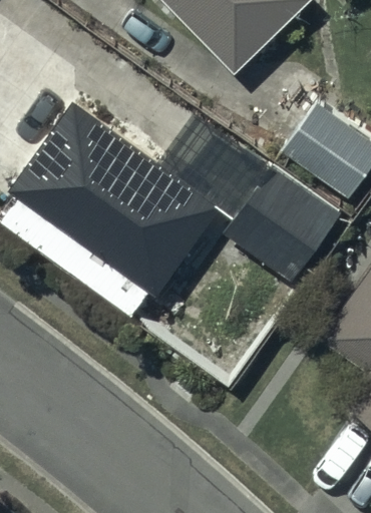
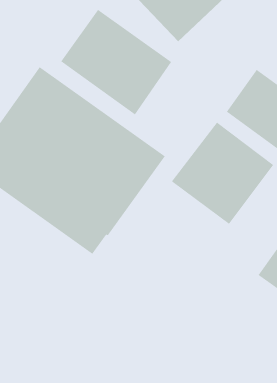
building: none -> [60,9,172,115]

